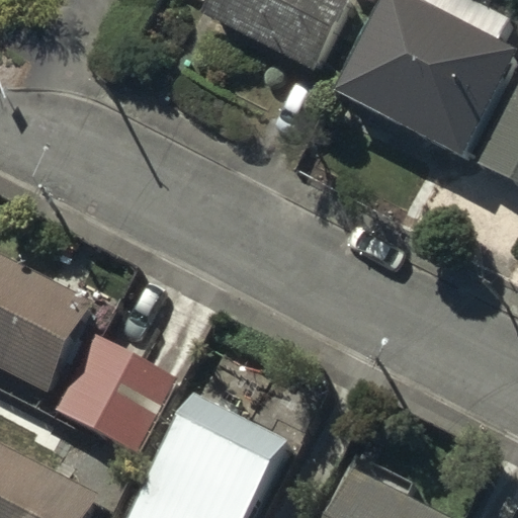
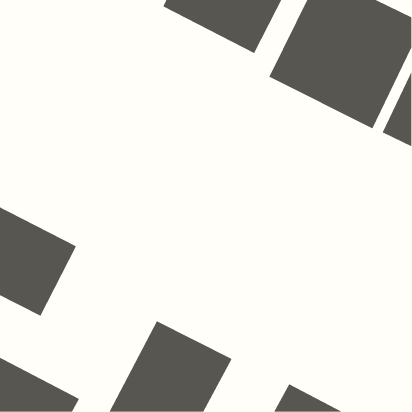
building: [58,336,172,448] -> none

